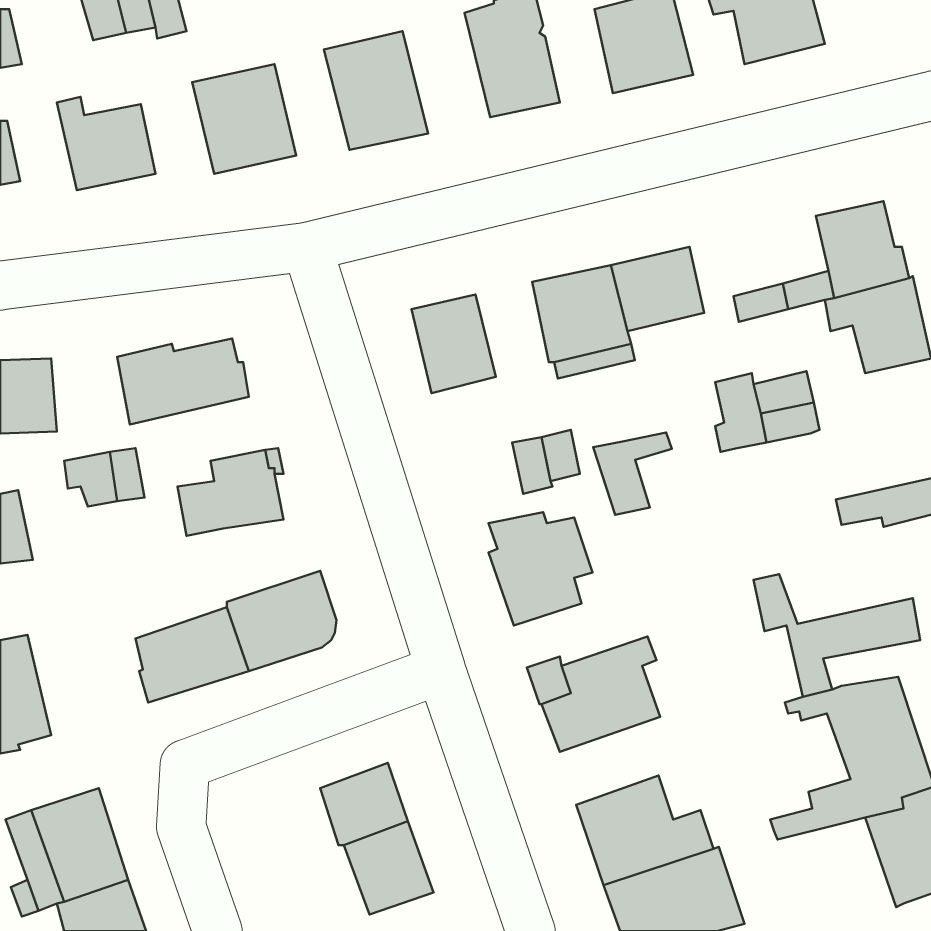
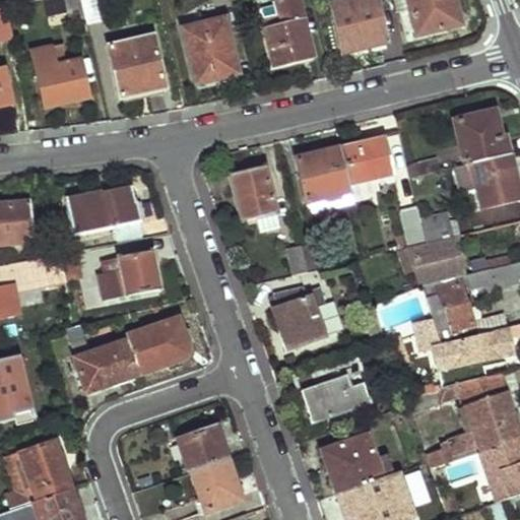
building: [593,432,672,515] -> [411,241,455,286]
building: none -> [427,284,473,343]

